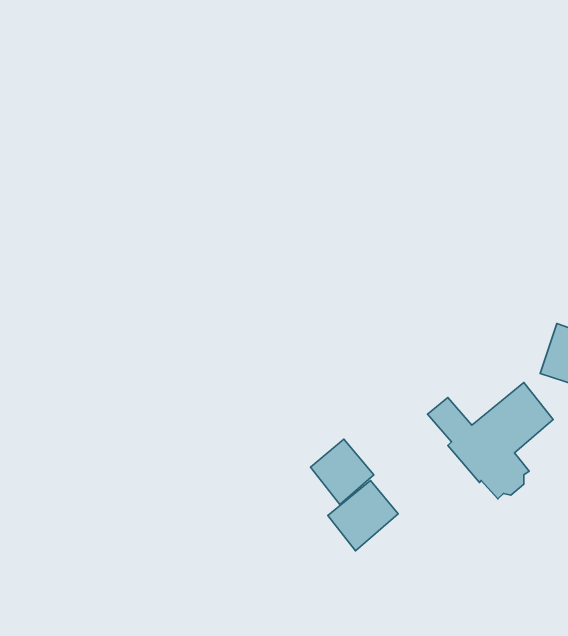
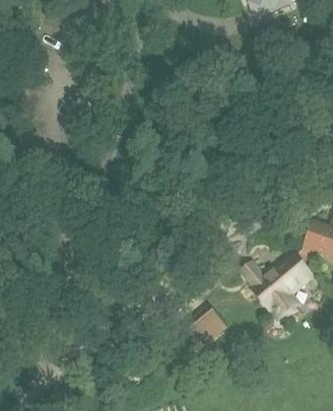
building: [310,439,374,504] -> none

